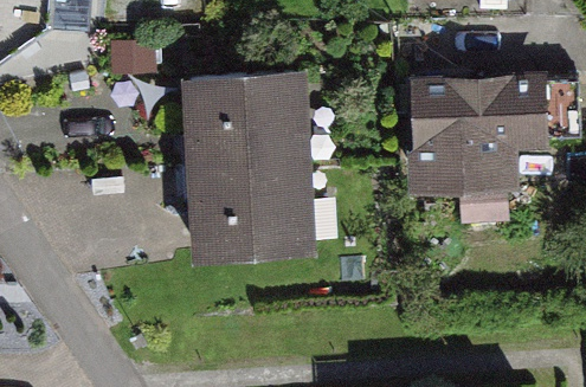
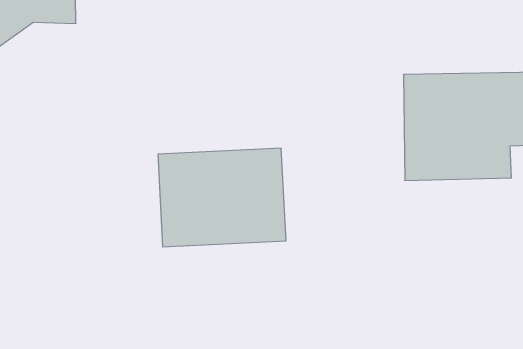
building: [166,64,294,162] -> none

